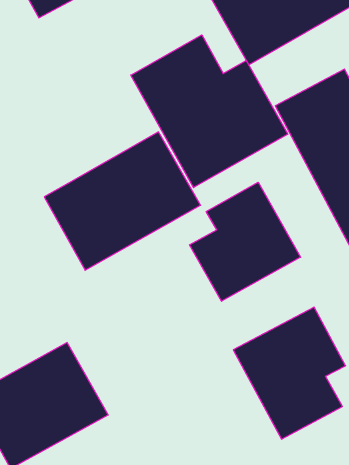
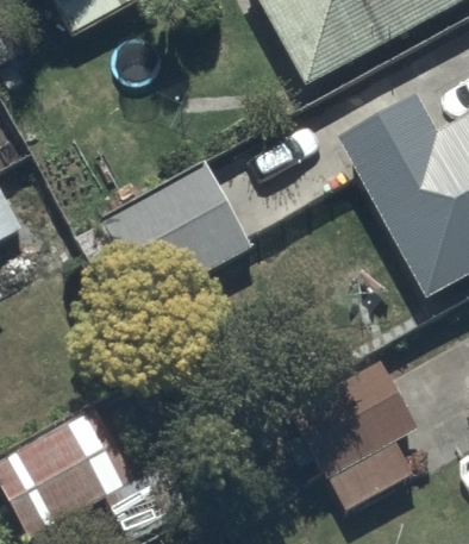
building: [131,35,288,188] -> none
building: [190,182,301,301] -> none

